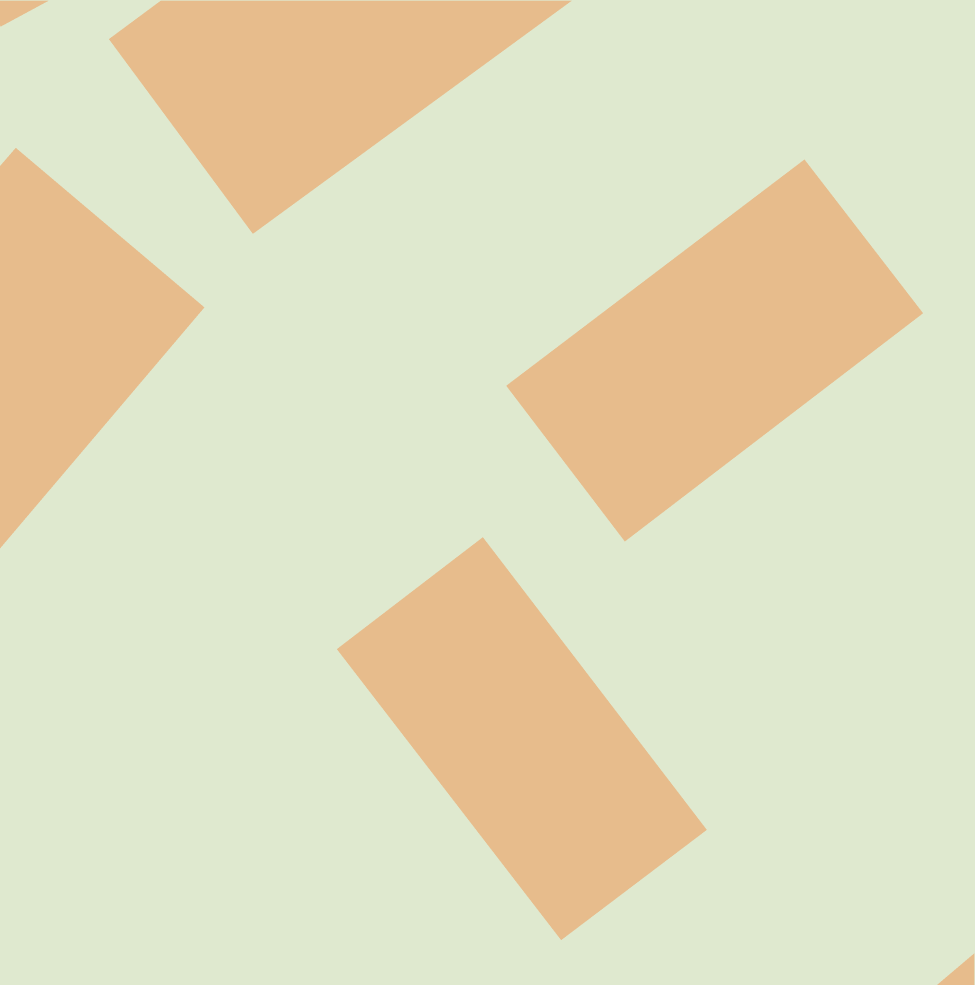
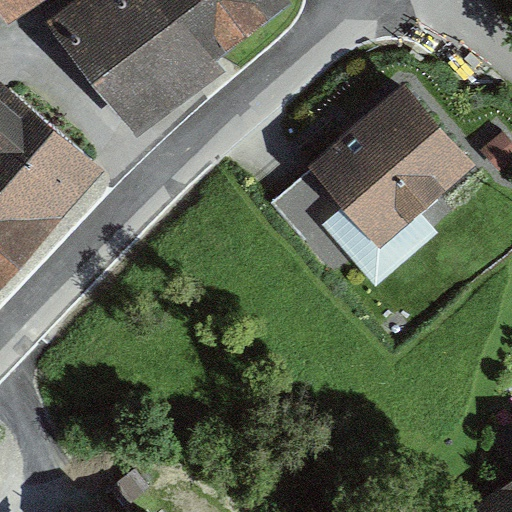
building: [336,536,708,941] -> none

